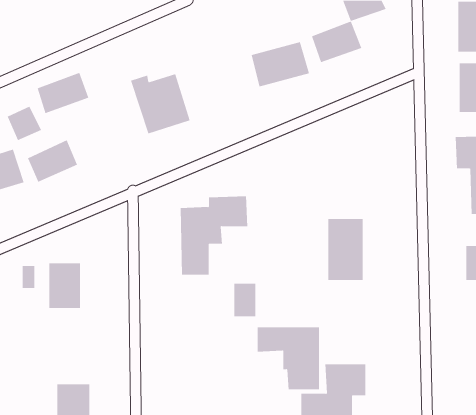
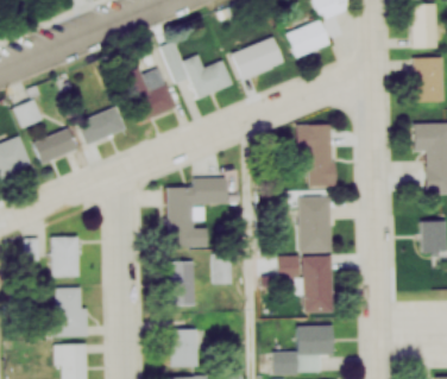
building: none -> [159,44,233,100]
building: [37,72,89,114] -> [78,108,125,145]
building: none -> [295,126,333,187]
building: none -> [169,261,195,305]
building: none -> [53,288,87,335]
building: [257,327,320,390] -> [276,257,332,312]
building: none -> [169,329,197,366]

